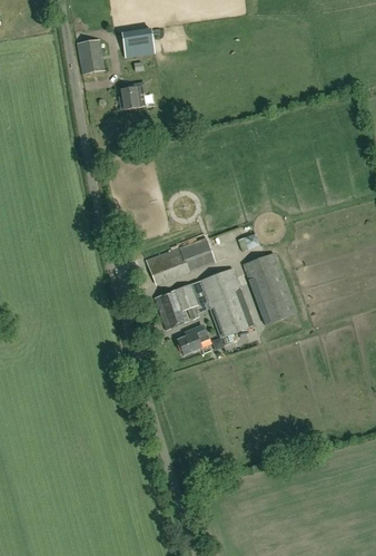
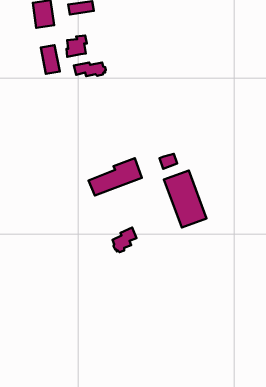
building: none -> [41,45,60,74]
building: none -> [74,63,106,76]
building: [154,267,254,336] -> none

